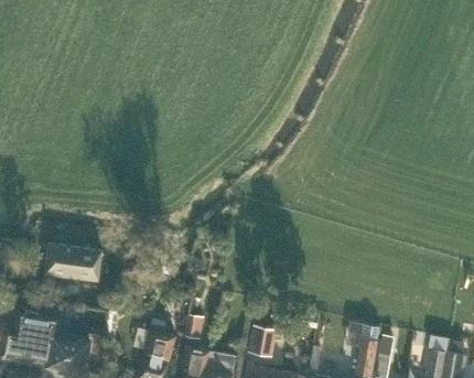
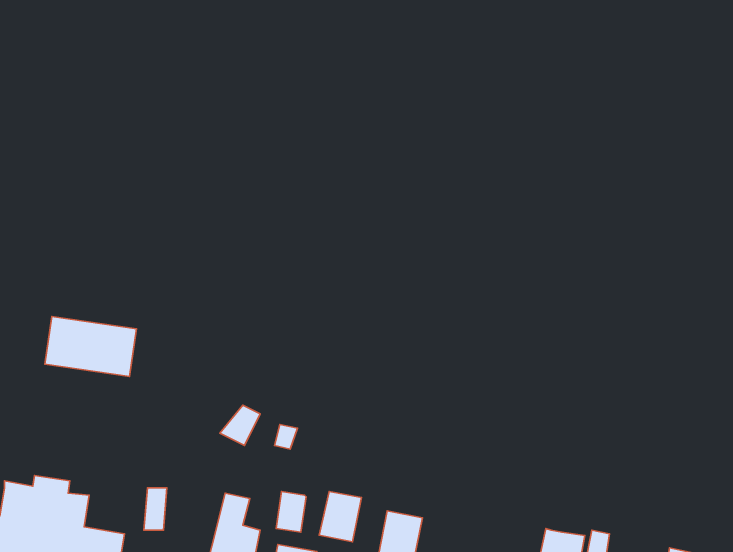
building: [45,245,103,282] -> [45,317,136,377]
building: none -> [319,492,361,542]

